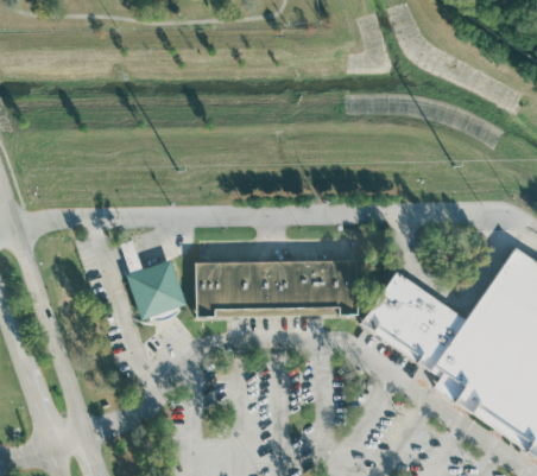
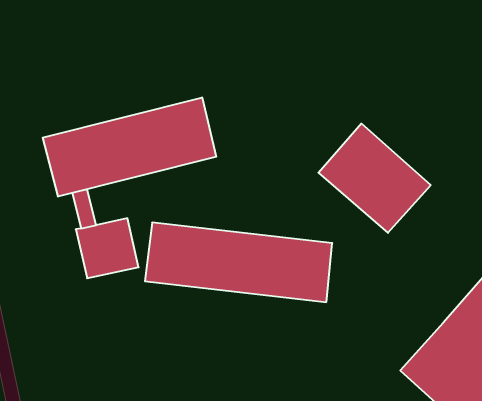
building: none -> [43,97,216,197]
building: [364,273,466,368] -> [318,124,431,233]

